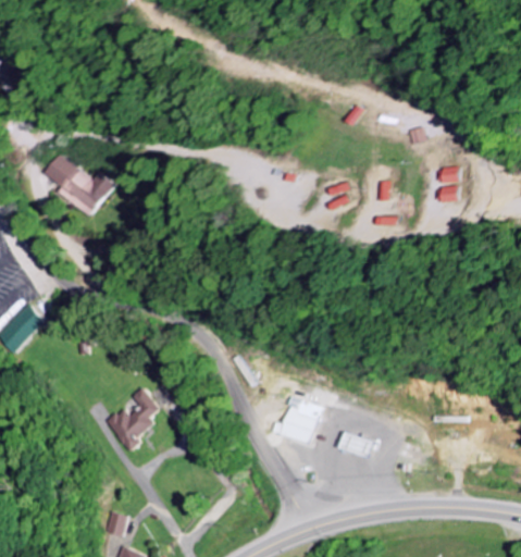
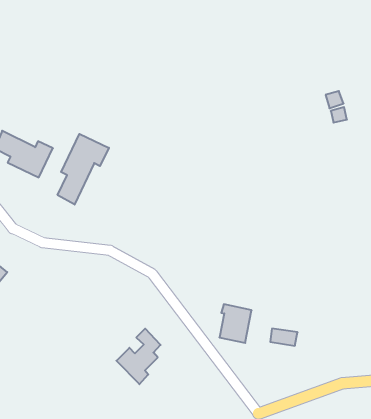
building: none -> [58,134,109,205]
building: [103,387,158,451] -> [116,329,161,384]

